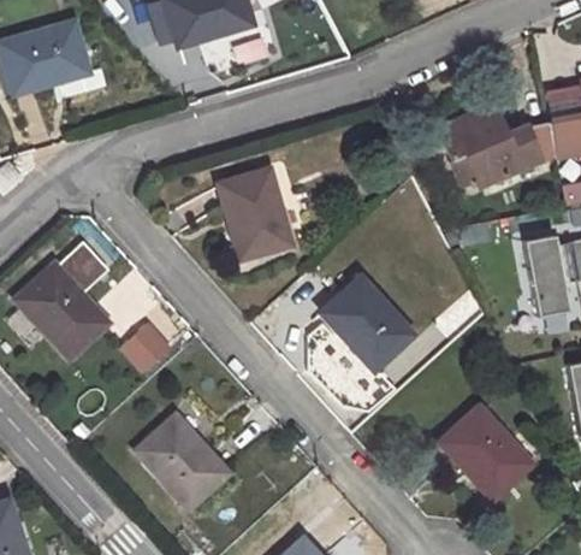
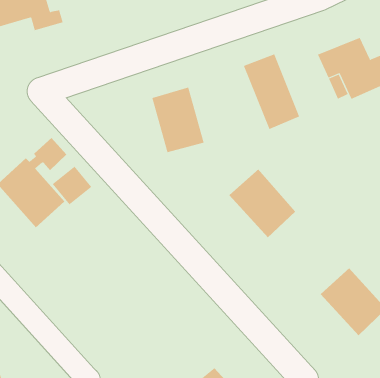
building: none -> [243,53,300,130]
building: [121,323,174,374] -> [52,166,92,205]
building: [138,417,227,508] -> none

